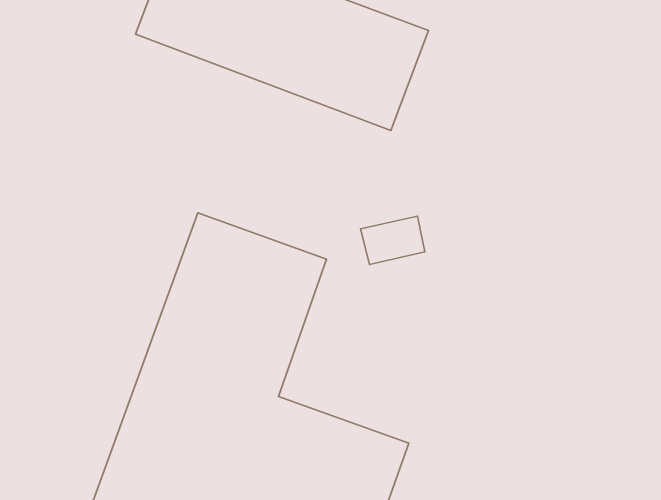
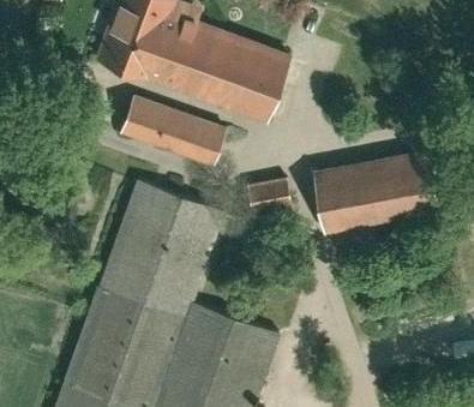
building: none -> [120,96,226,167]
building: none -> [314,155,442,235]

